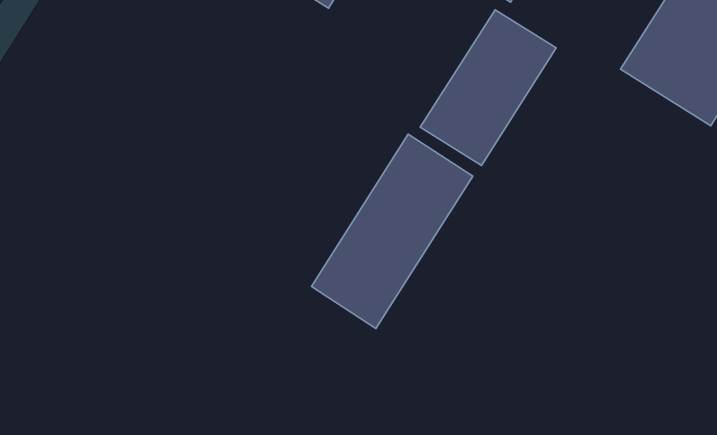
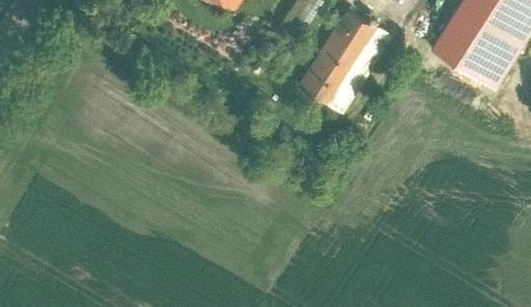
building: [311,134,473,328] -> none

